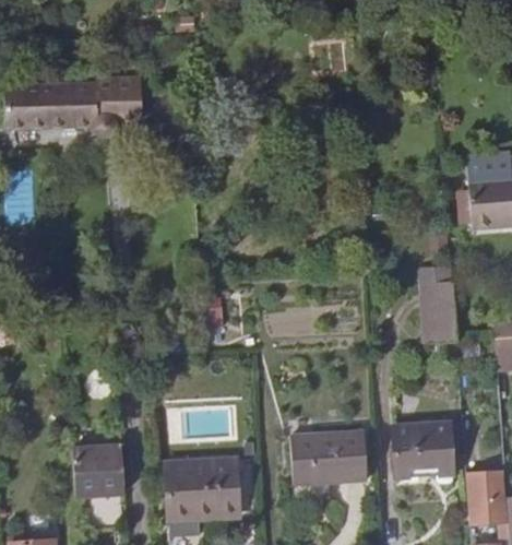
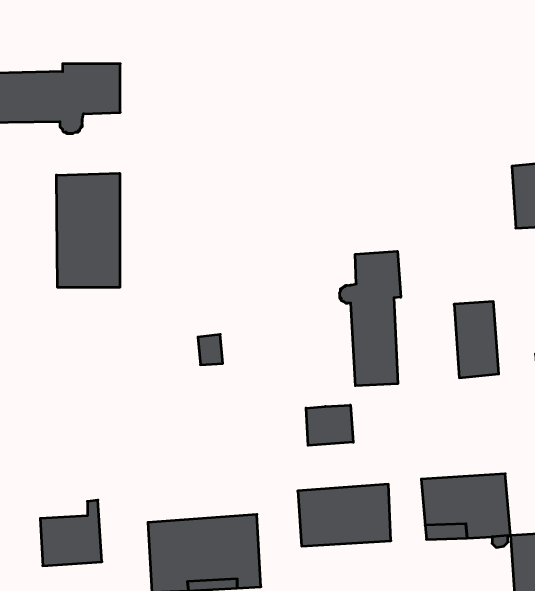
building: none -> [56,173,120,287]
building: none -> [340,251,401,386]
building: none -> [306,405,353,445]

